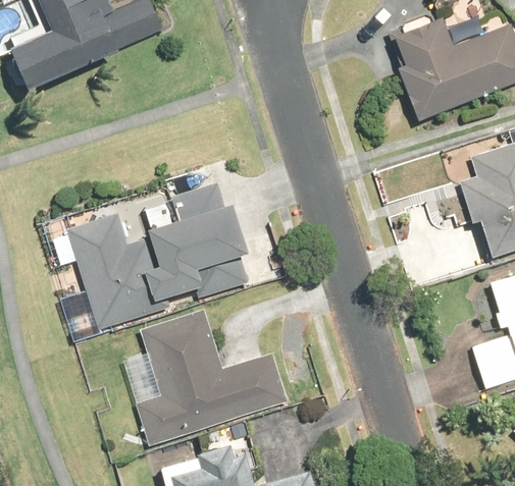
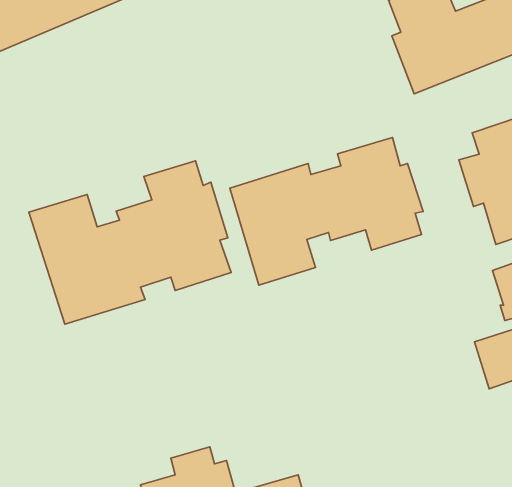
building: none -> [230,137,423,285]
building: [135,308,289,445] -> none

